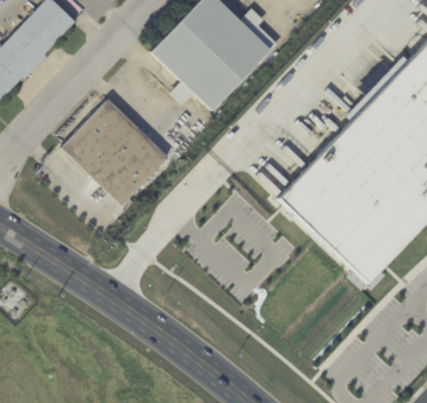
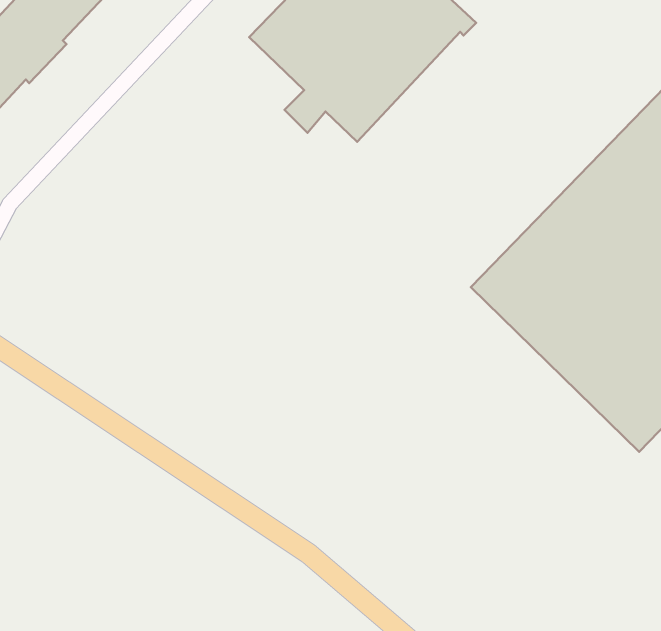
building: [60,99,167,207] -> none

